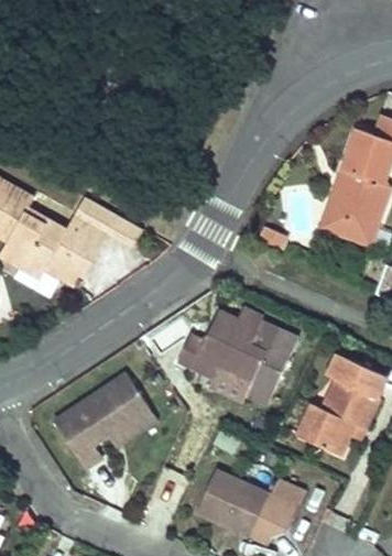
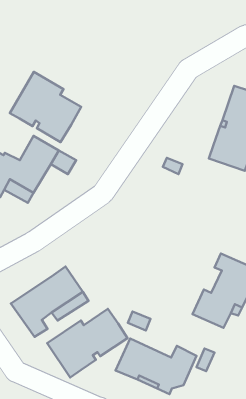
building: none -> [10,72,81,142]
building: [176,309,296,404] -> none
building: none -> [47,309,128,377]

